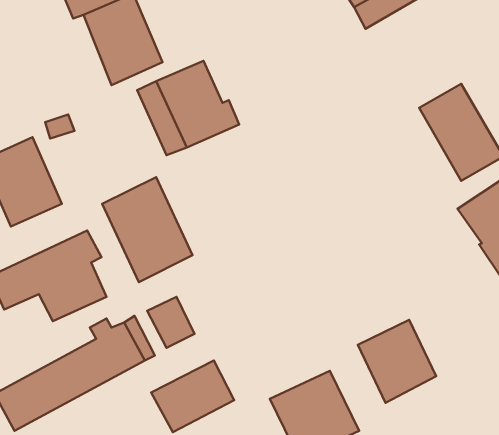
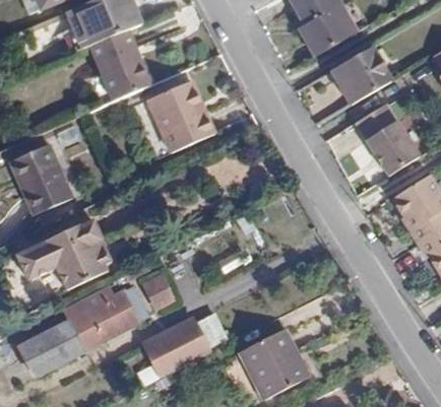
building: none -> [331,47,391,104]
building: [102,177,193,282] -> none
building: [358,320,436,403] -> none

